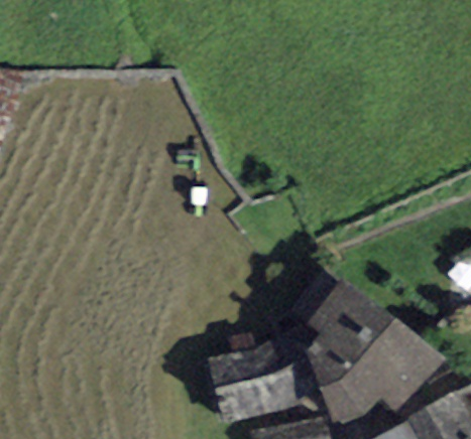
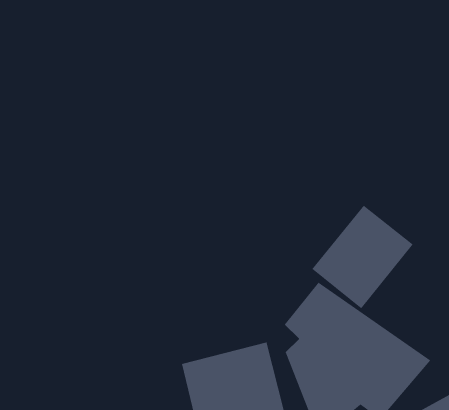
building: none -> [312,205,414,309]

